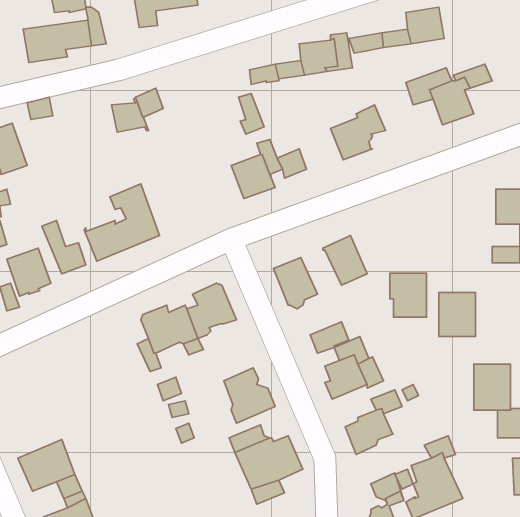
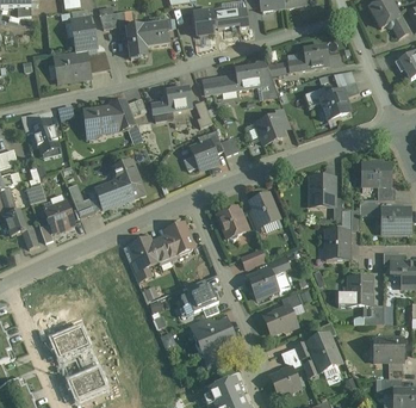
building: none -> [150,86,191,112]
building: none -> [83,107,116,131]
building: [390,273,426,317] -> [310,175,334,204]

